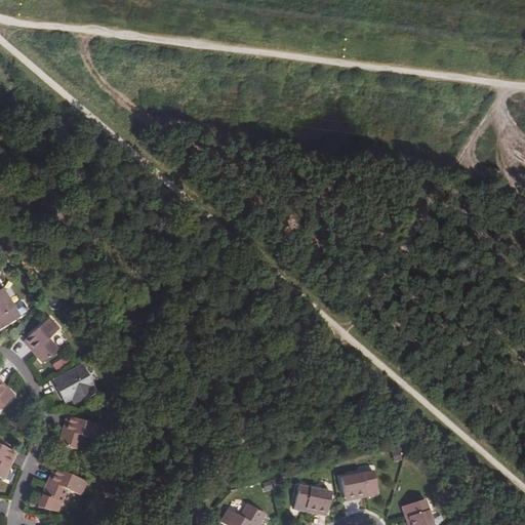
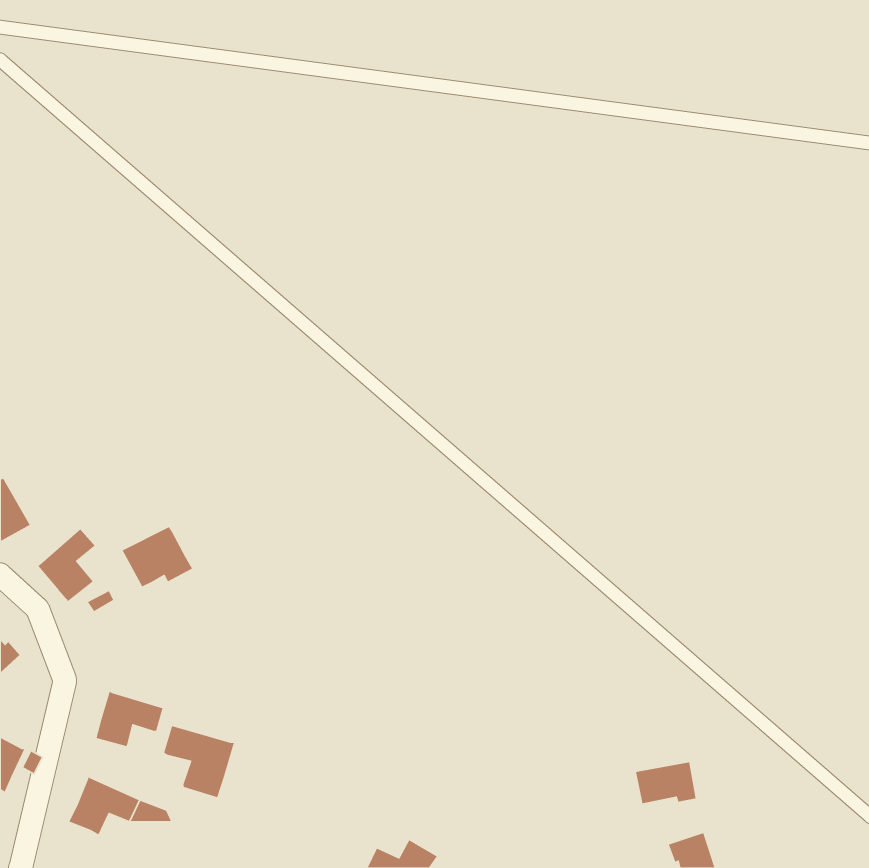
building: [52,365,95,402] -> [121,526,193,588]
building: none -> [163,725,235,798]
building: [340,473,377,498] -> [635,761,697,804]
building: [294,487,331,513] -> none

